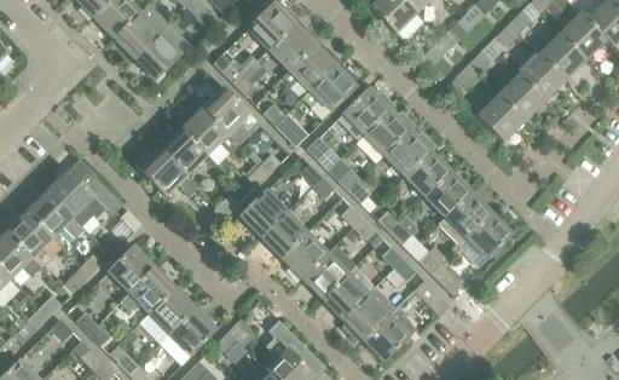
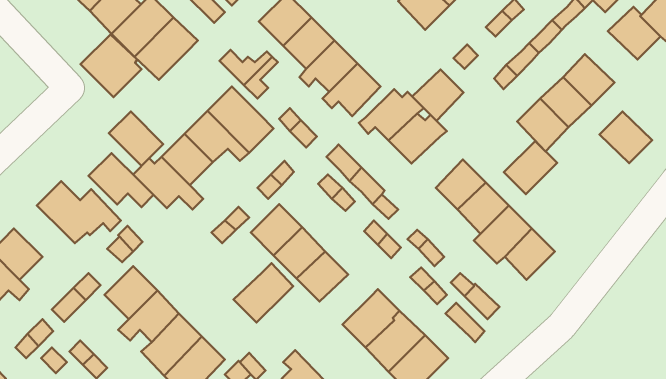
building: [537,35,584,81] -> [599,112,652,163]
building: none -> [81,34,142,97]
building: none -> [109,112,163,166]
building: [382,129,428,175] -> [412,70,464,121]
building: none -> [504,141,557,194]
building: [27,191,85,240] -> [89,153,154,207]
building: [300,244,353,298] -> [234,263,293,323]

